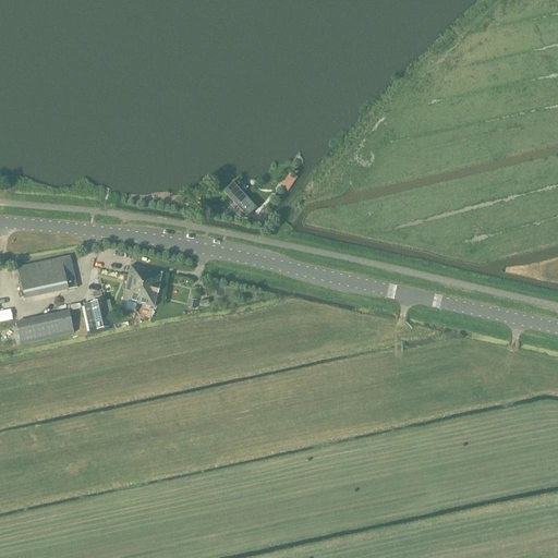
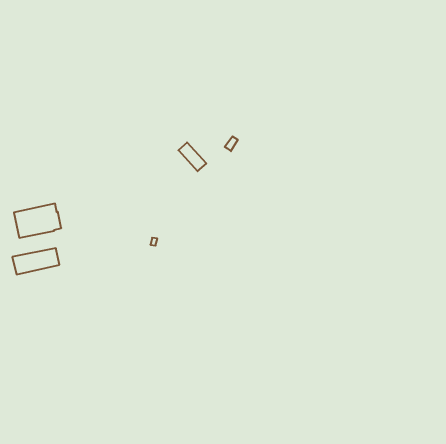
building: [121,263,162,305] -> none
building: [83,298,109,329] -> none

